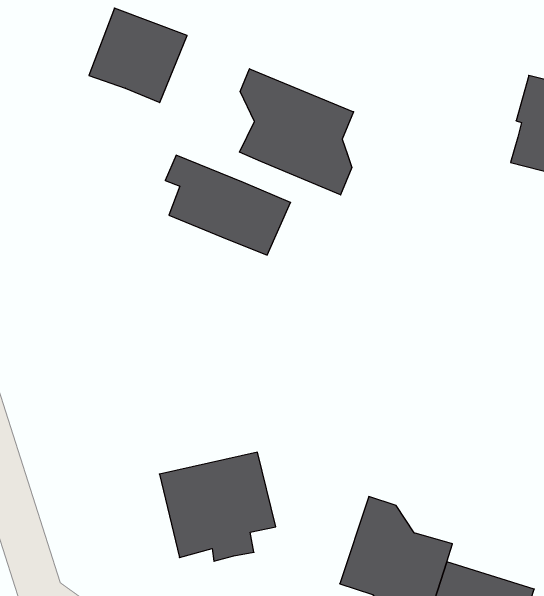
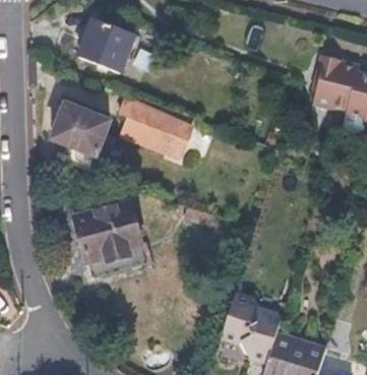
building: [239,69,354,195] -> none
building: none -> [52,101,111,155]
building: [159,452,276,561] -> [74,203,139,264]

